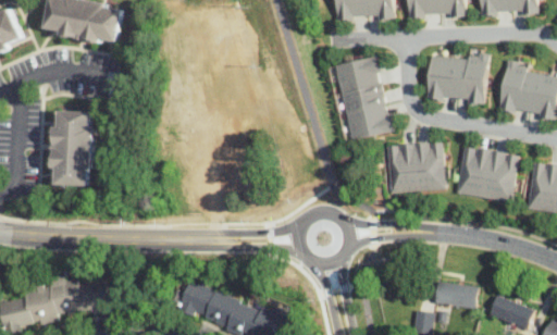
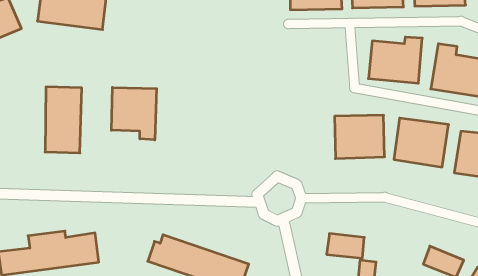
building: [335,54,393,139] -> none
building: none -> [111,87,157,140]
building: [434,280,478,308] -> [327,234,364,258]

